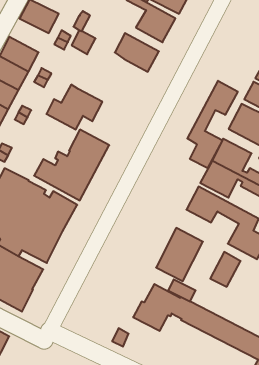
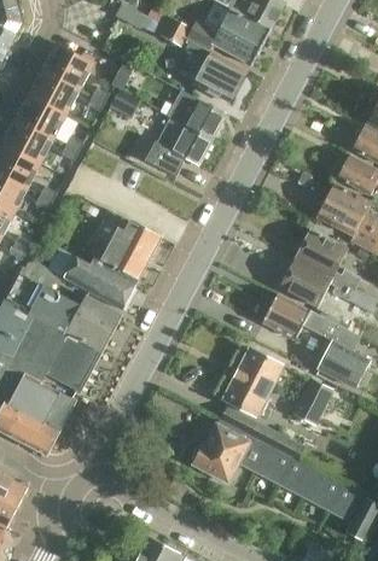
building: none -> [27,71,78,116]
building: [187,81,238,168] -> none
building: [46,85,102,130] -> [135,118,209,177]

